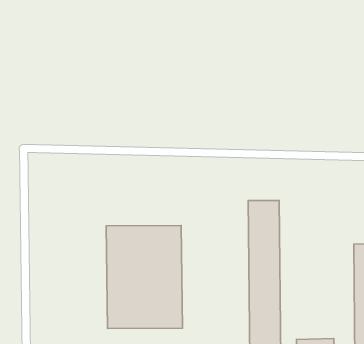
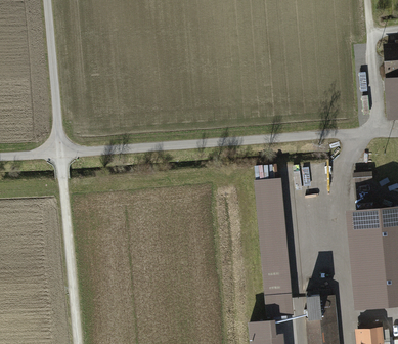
building: [106,226,182,329] -> none

